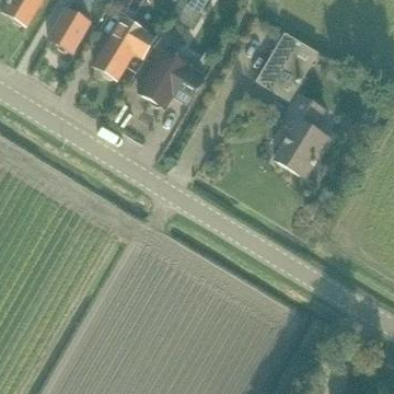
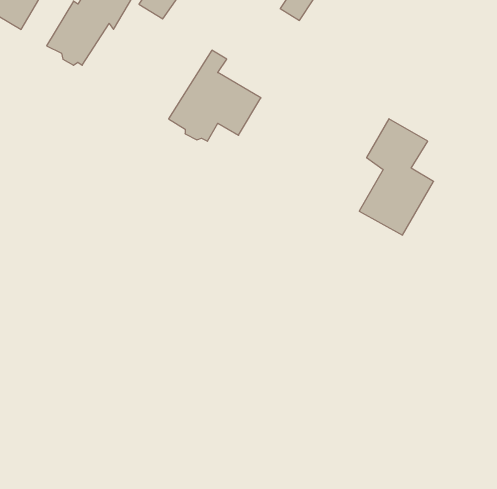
building: [92,15,155,79] -> none
building: [255,31,318,101] -> none

